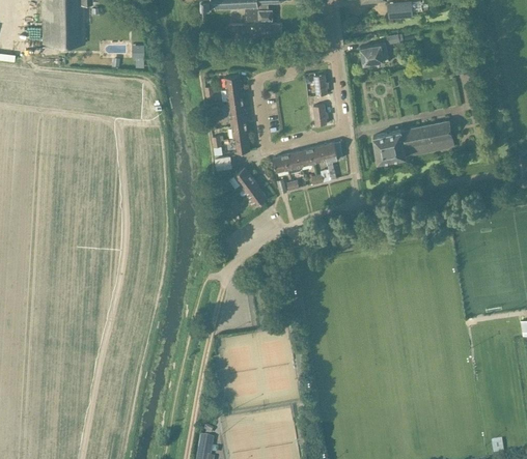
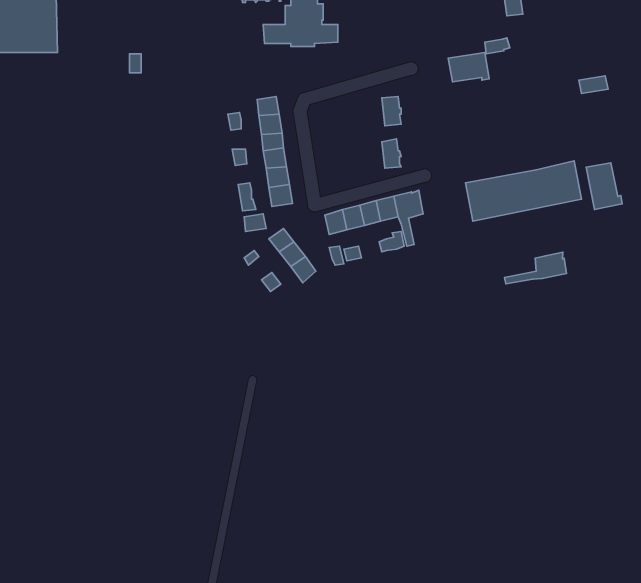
building: none -> [586,163,622,209]
building: none -> [504,252,567,284]

